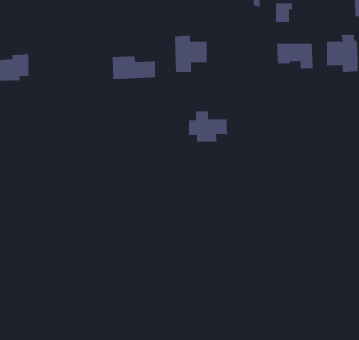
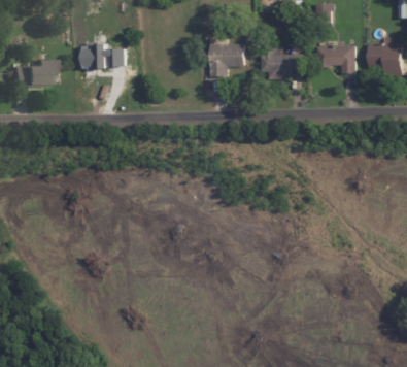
building: [112,56,156,79] -> [75,42,122,67]
building: [188,111,228,142] -> [261,46,303,79]

